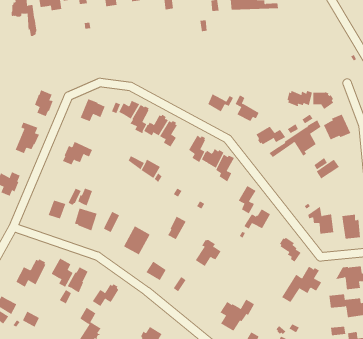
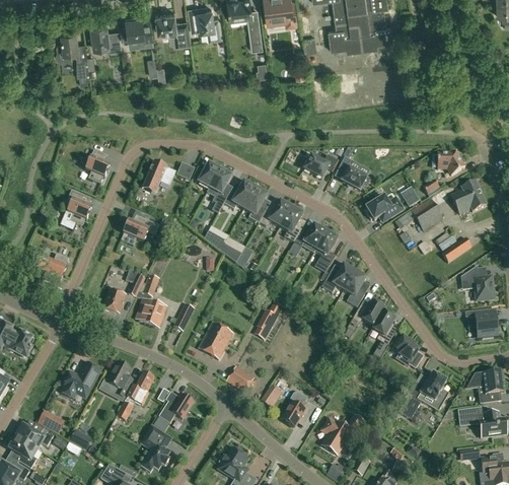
building: [287,90,313,107] -> none
building: none -> [259,200,291,226]
building: none -> [321,264,354,293]
building: [308,206,334,234] -> [460,266,494,301]
building: none -> [372,307,394,345]
building: [195,239,221,267] -> [281,392,314,426]

